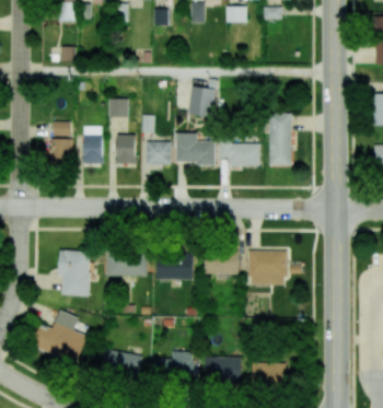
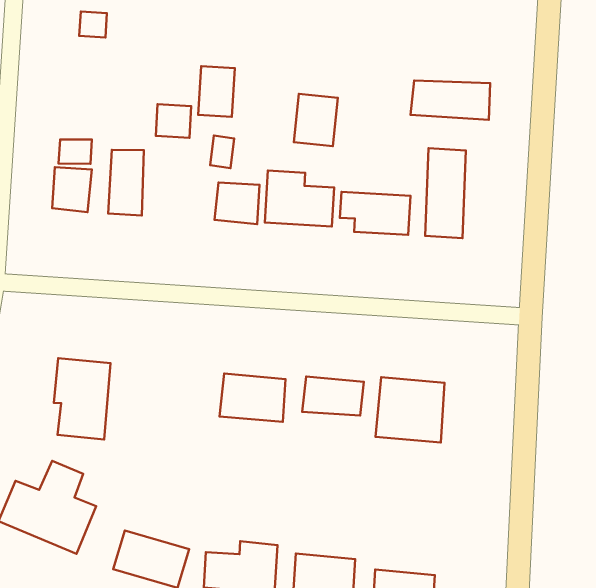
building: none -> [411,80,490,120]
building: [116,136,136,164] -> [198,66,235,117]
building: [106,253,147,277] -> none

